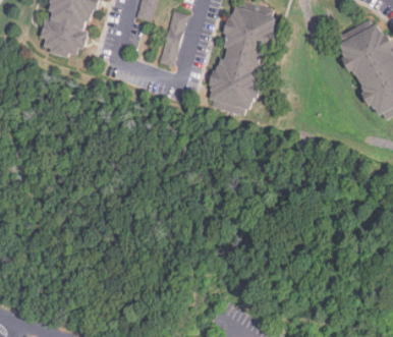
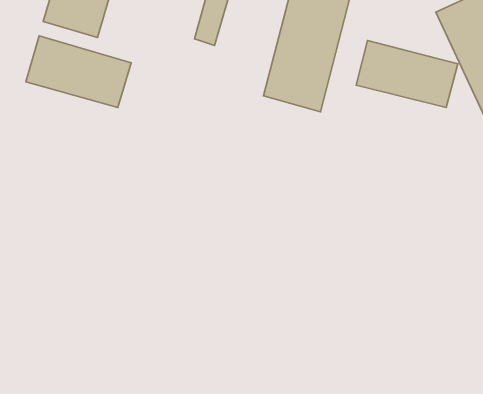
building: none -> [26,36,131,108]
building: none -> [356,40,458,108]

